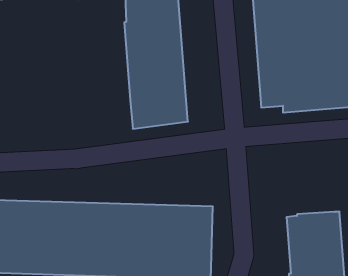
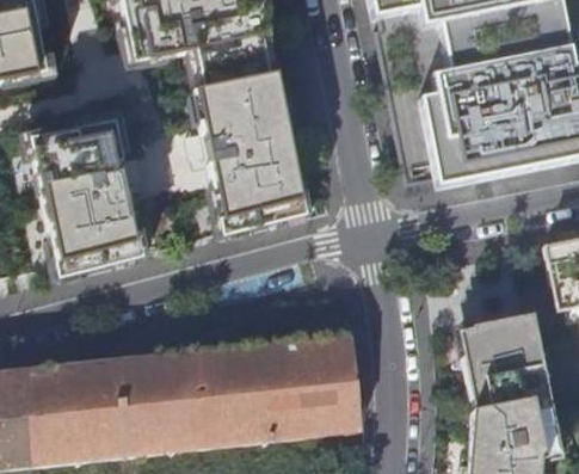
building: none -> [38,117,154,278]

